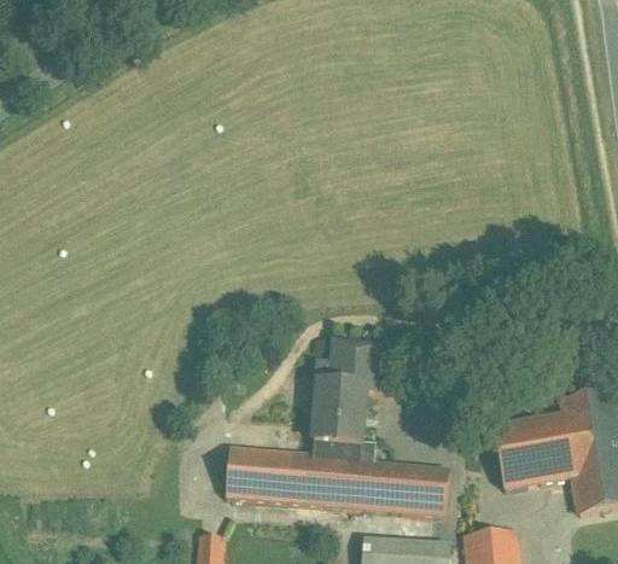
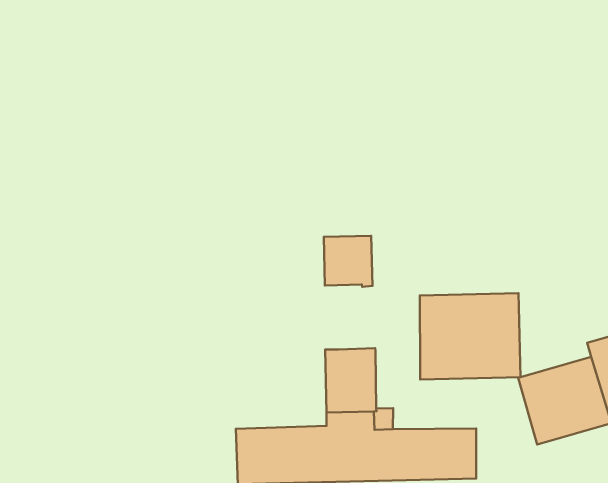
building: [330,337,377,386] -> [324,236,373,287]
building: none -> [420,293,520,380]

